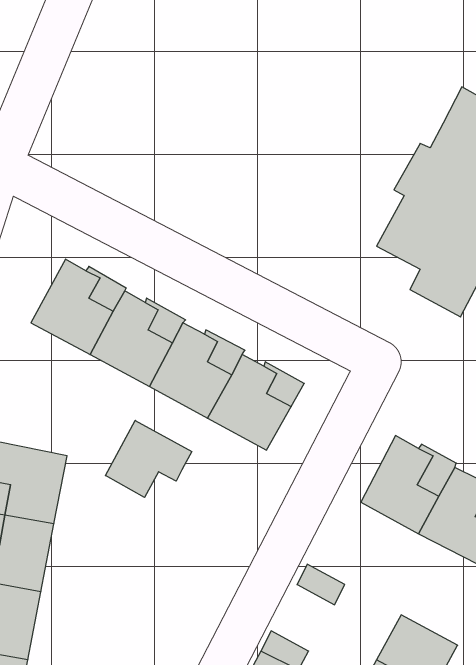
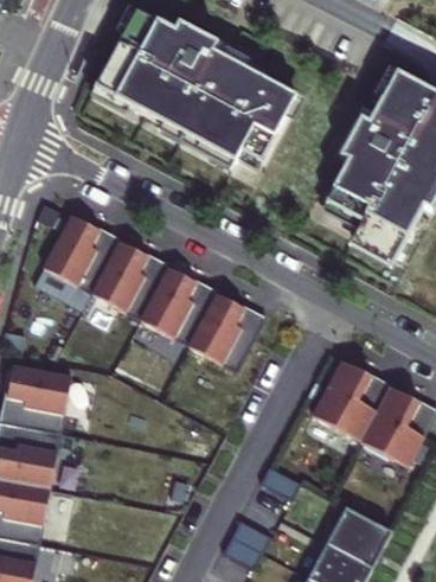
building: none -> [91,12,295,165]
building: [105,420,192,497] -> none

